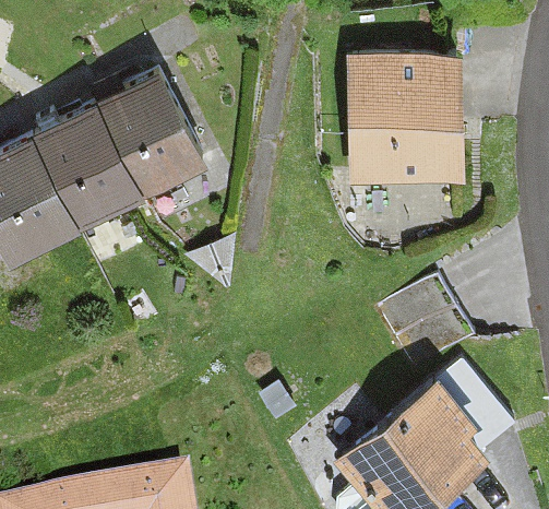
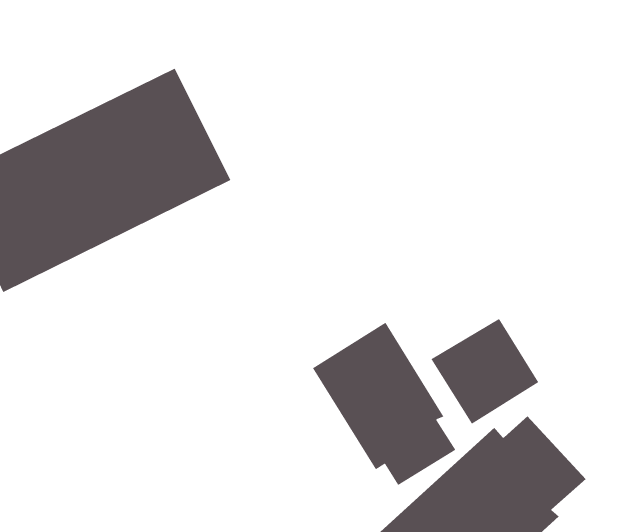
building: [348,55,462,182] -> none
building: none -> [312,322,456,486]

